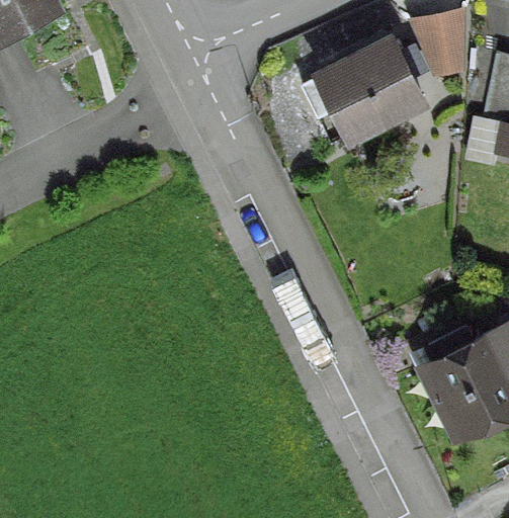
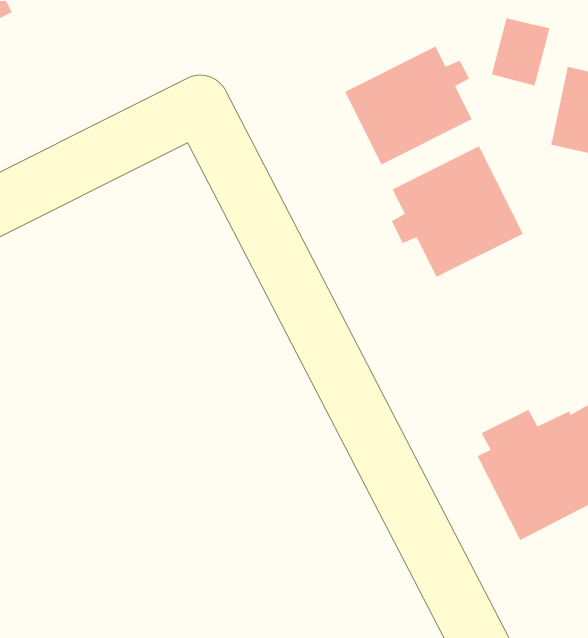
building: none -> [391,145,524,278]

